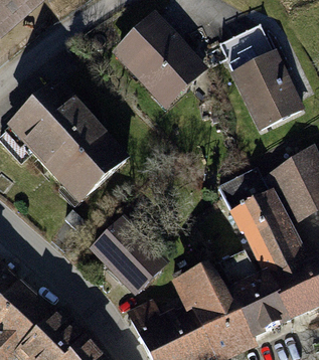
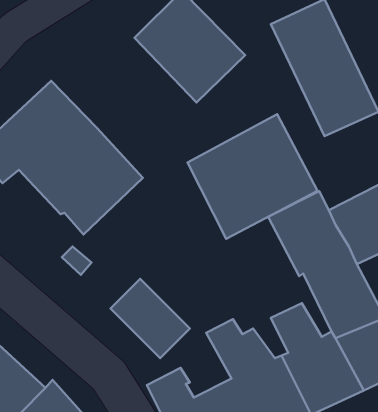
building: none -> [187,114,318,239]

